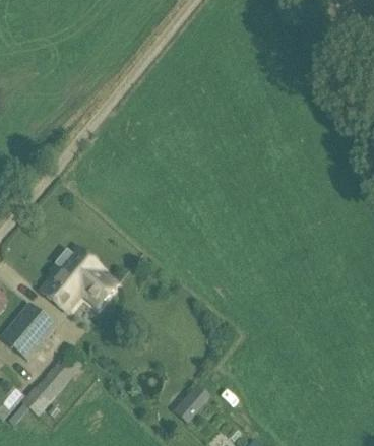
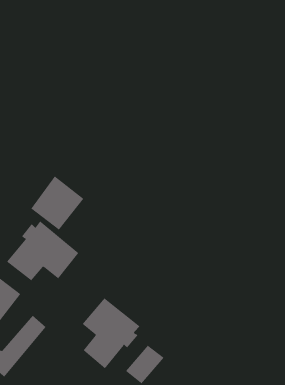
building: none -> [30,175,84,230]
building: none -> [82,297,140,369]

